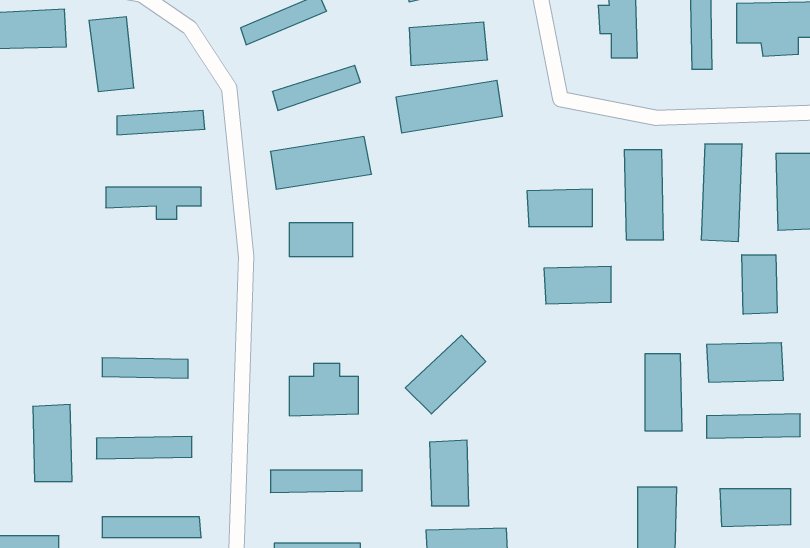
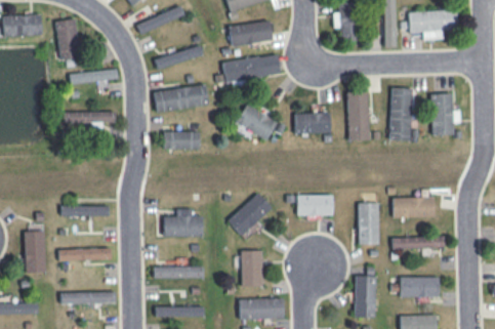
building: none -> [236,102,277,140]
building: [742,255,777,314] -> none
building: [544,266,611,304] -> [296,195,333,215]

